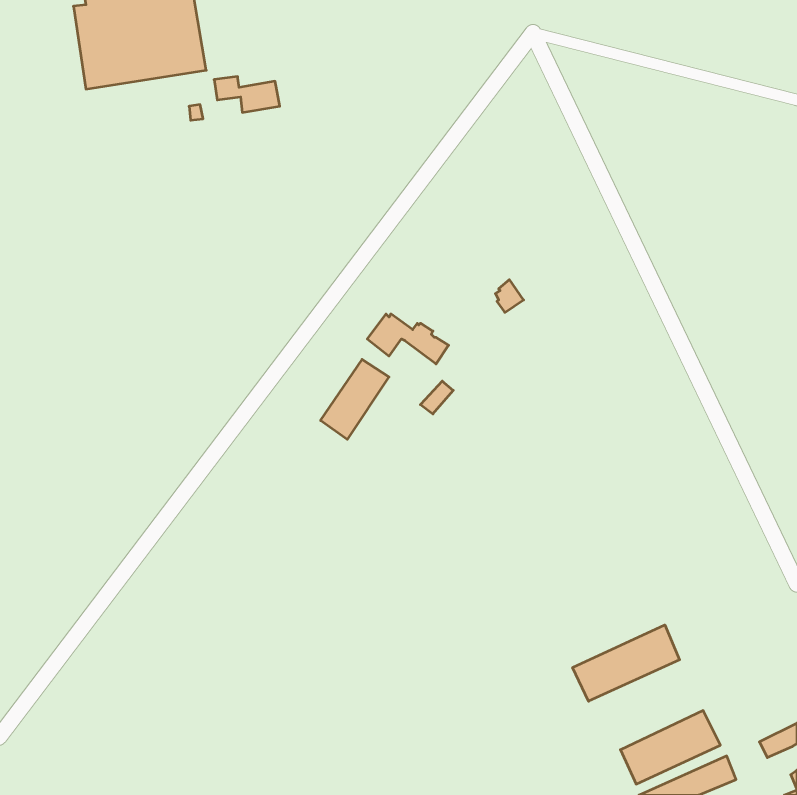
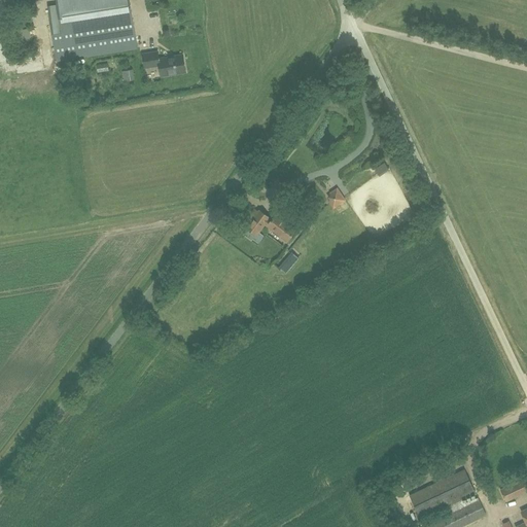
building: [321,359,389,439] -> none
building: [573,625,680,701] -> none

